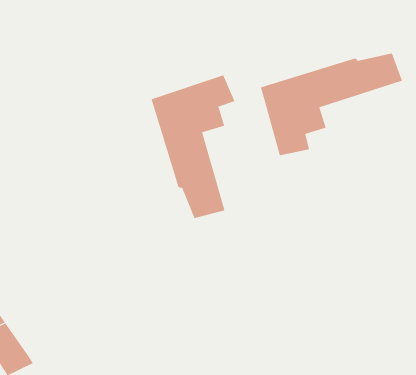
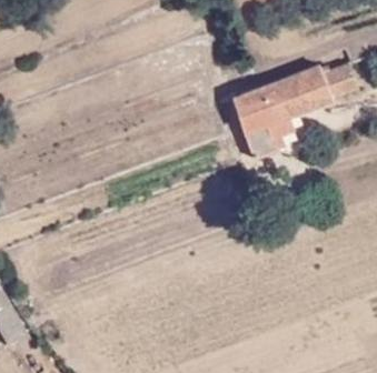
building: [151,75,235,219] -> none

